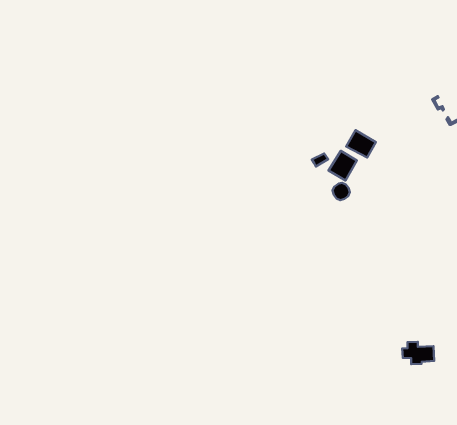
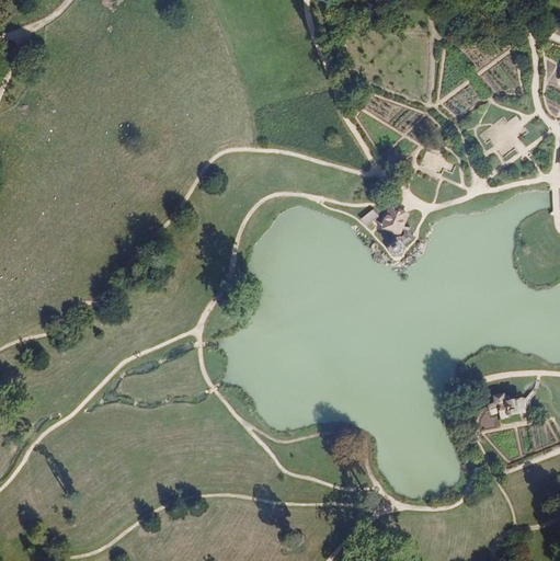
building: [346,130,376,158] -> none

